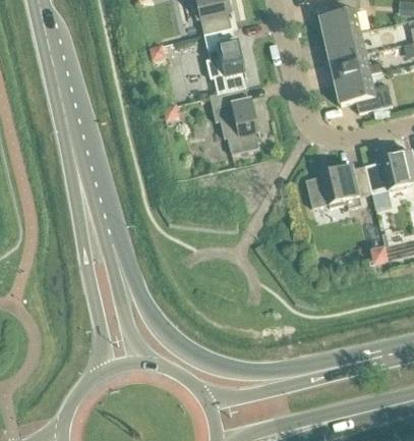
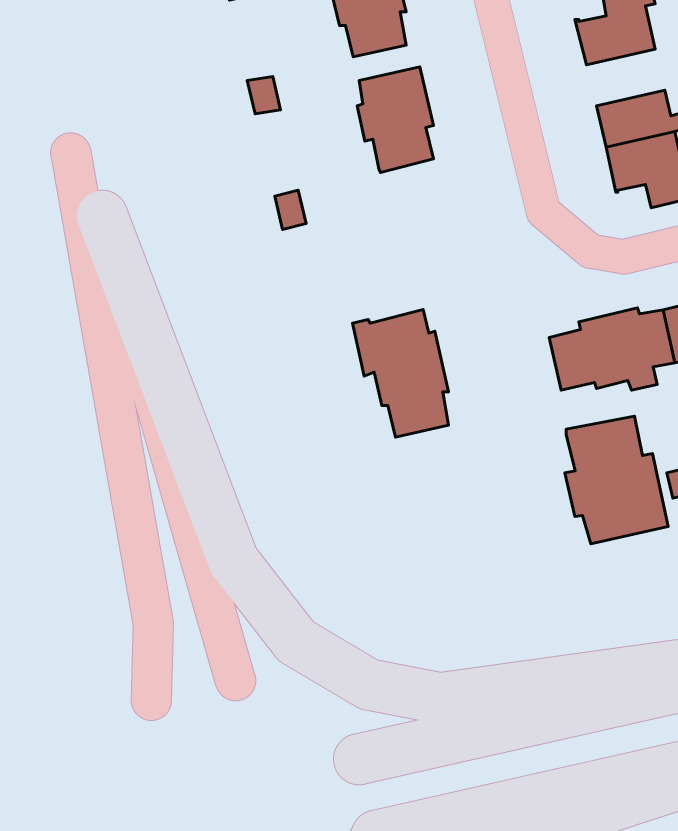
building: [324,30,365,59] -> none
building: [209,87,258,153] -> [353,310,449,437]
building: none -> [565,416,668,544]

